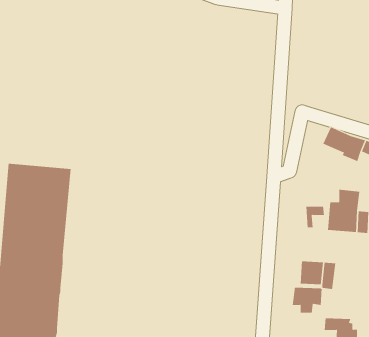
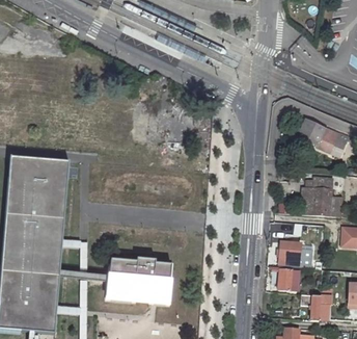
building: none -> [107,260,171,306]

